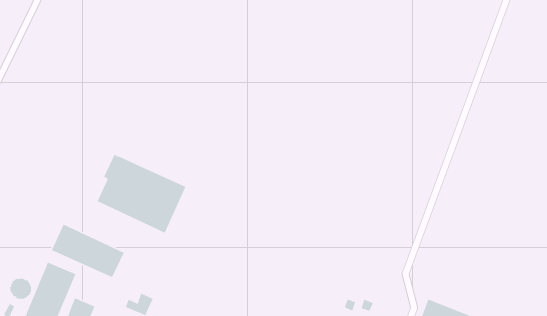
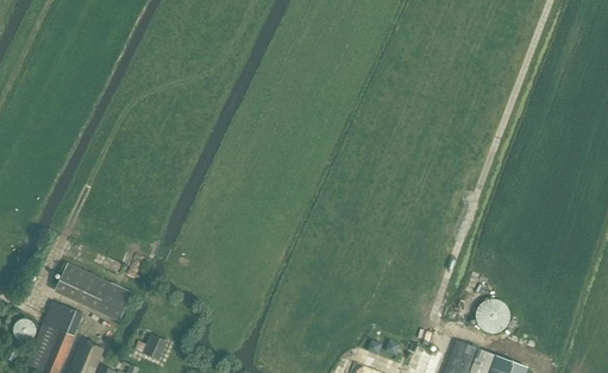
building: [97,153,186,234] -> none
building: none -> [475,298,510,333]

